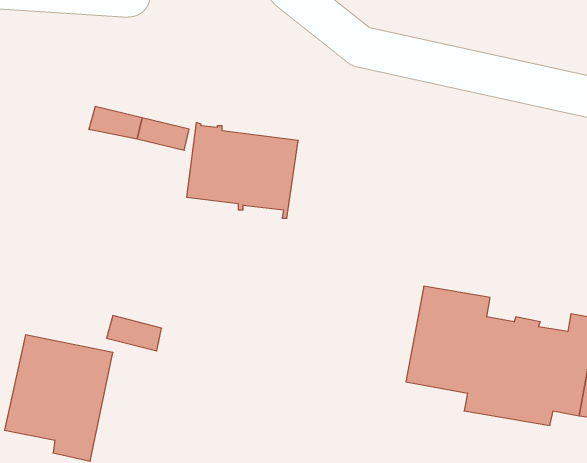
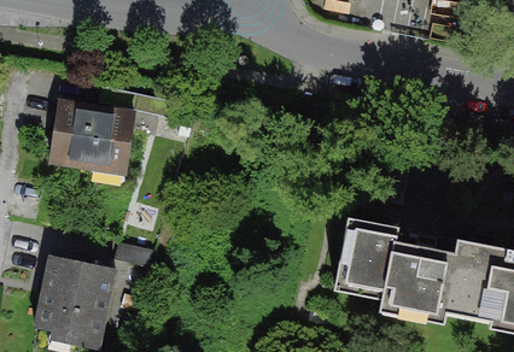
building: [187,123,298,218] -> [51,102,134,174]

